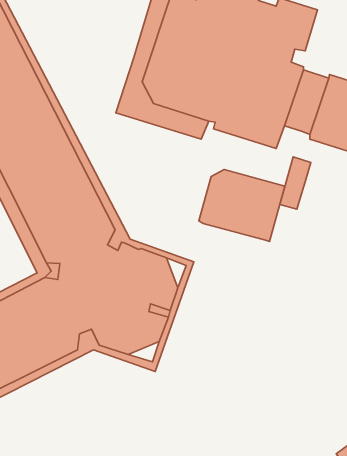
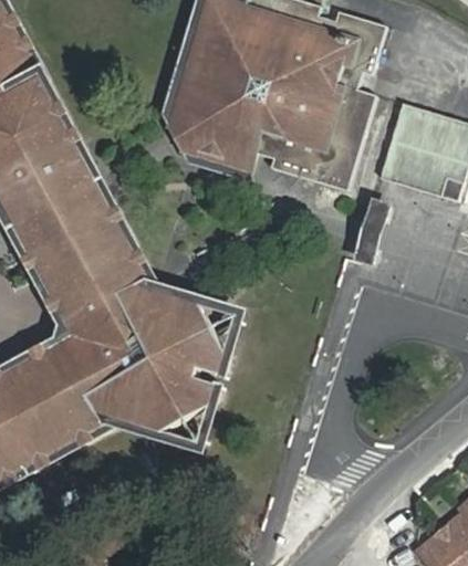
building: [199,169,285,242] -> none

